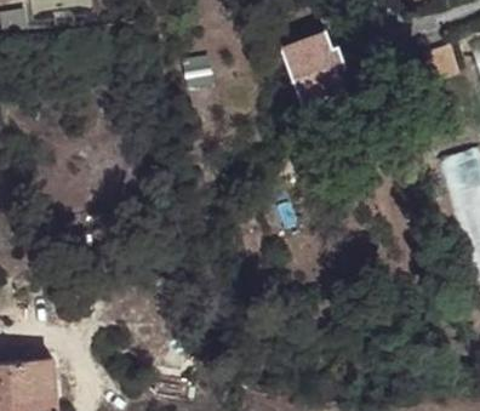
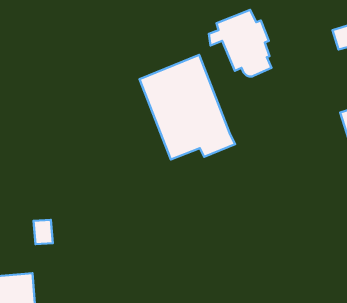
building: none -> [140,55,235,160]

